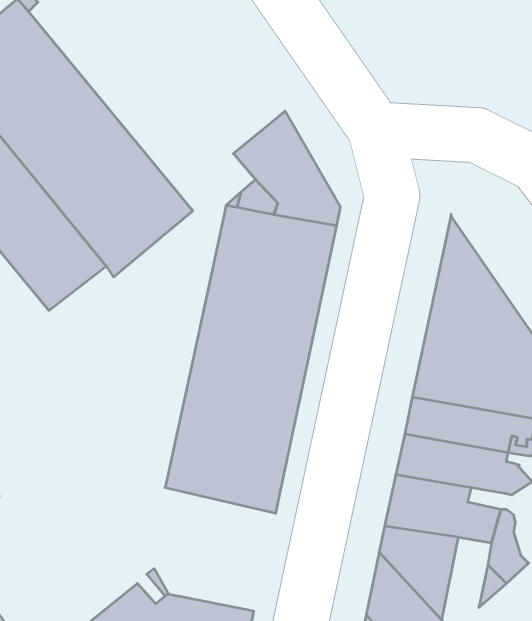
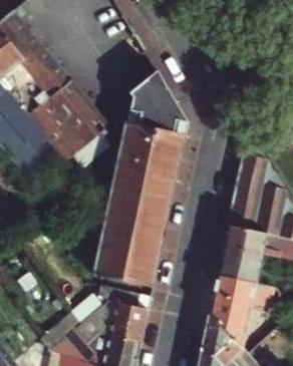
building: none -> [93,301,149,343]

